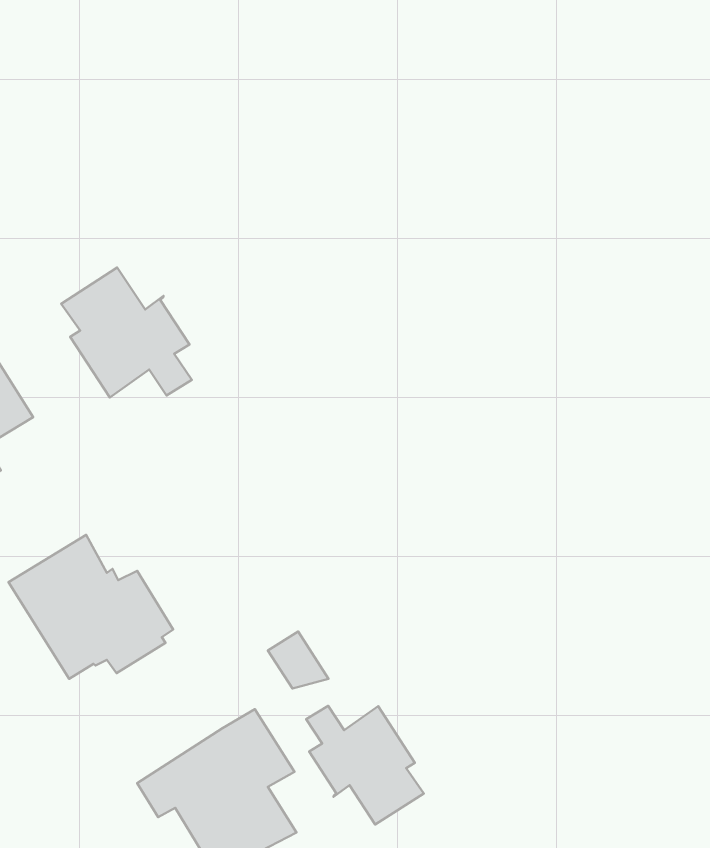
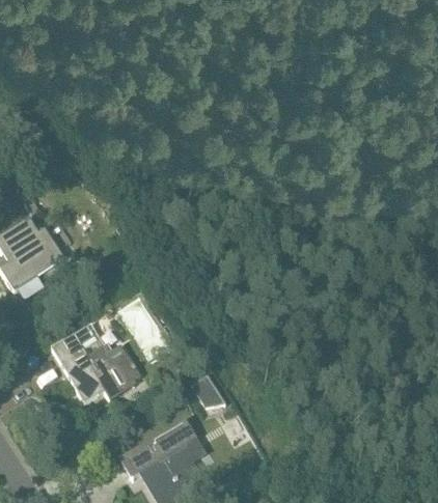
building: [61,268,192,397] -> none
building: [306,706,424,824] -> none

